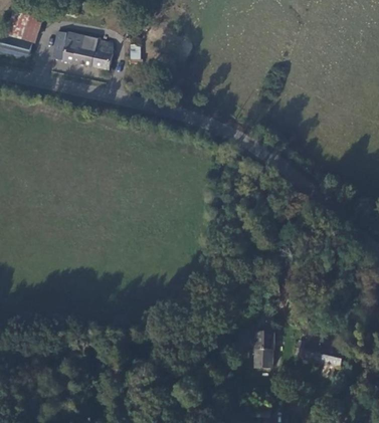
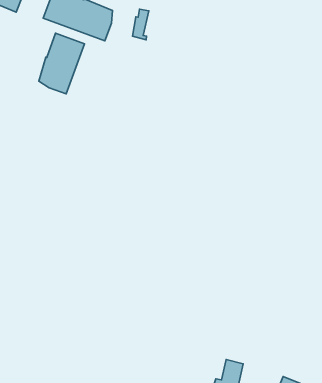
building: none -> [39,33,85,94]

